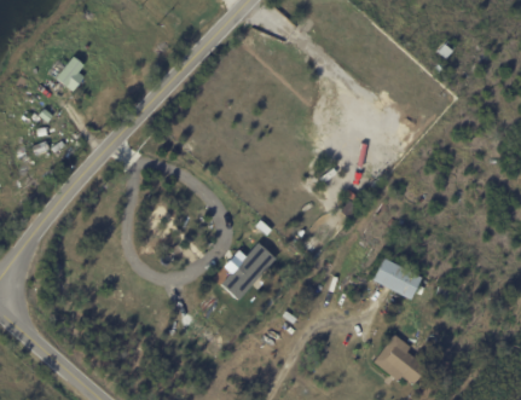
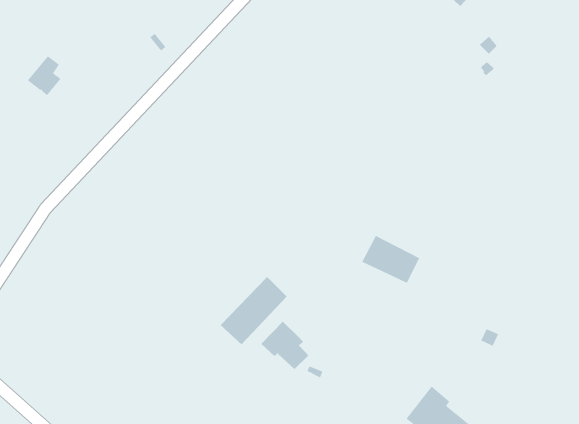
building: [372,257,422,298] -> [361,235,420,284]
building: none -> [260,321,309,370]

